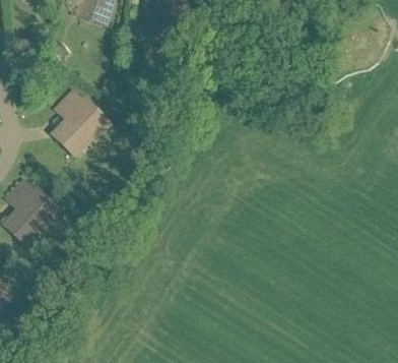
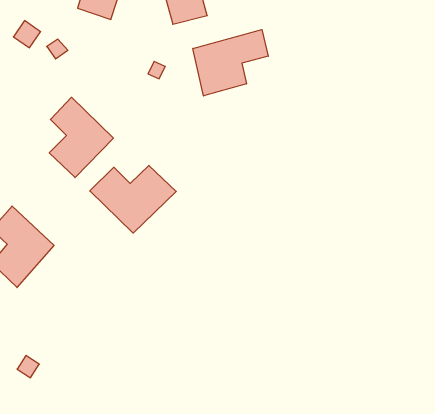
building: none -> [193,30,268,96]
building: none -> [90,165,176,233]

